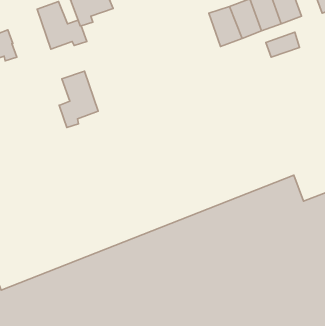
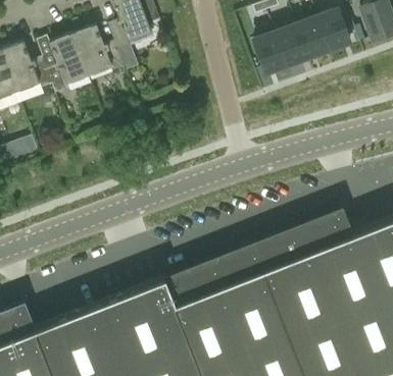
building: [266,32,300,57] -> none
building: [59,71,98,128] -> [47,35,88,94]

